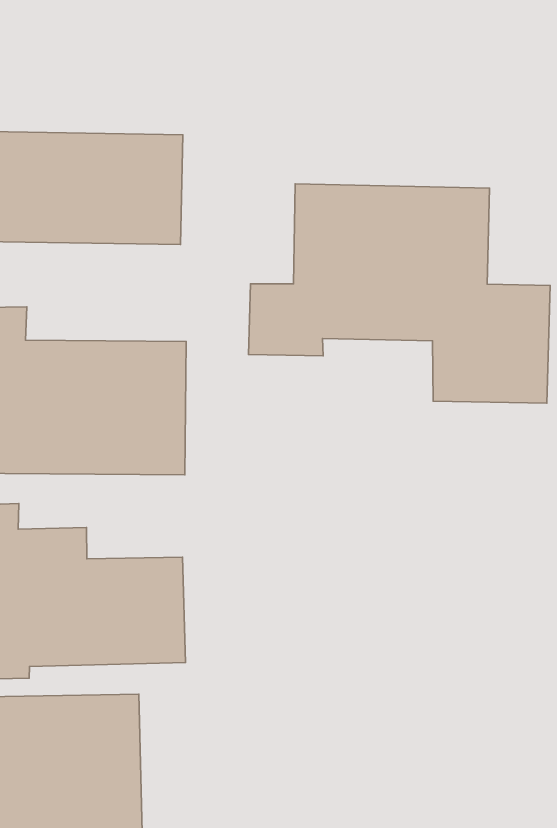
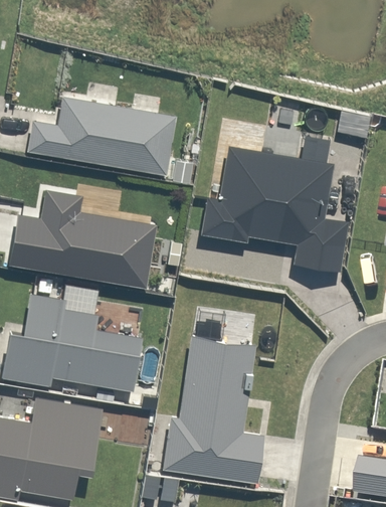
building: none -> [162,336,261,476]

